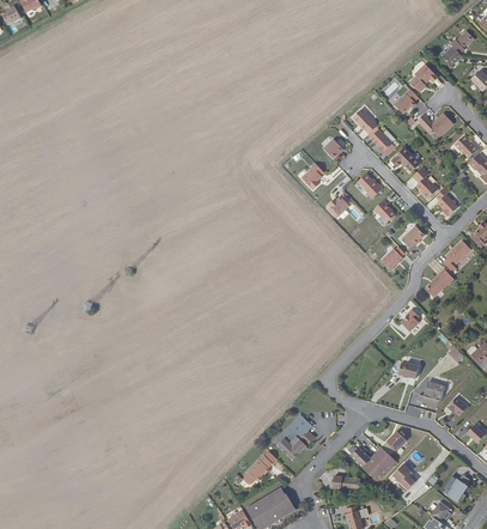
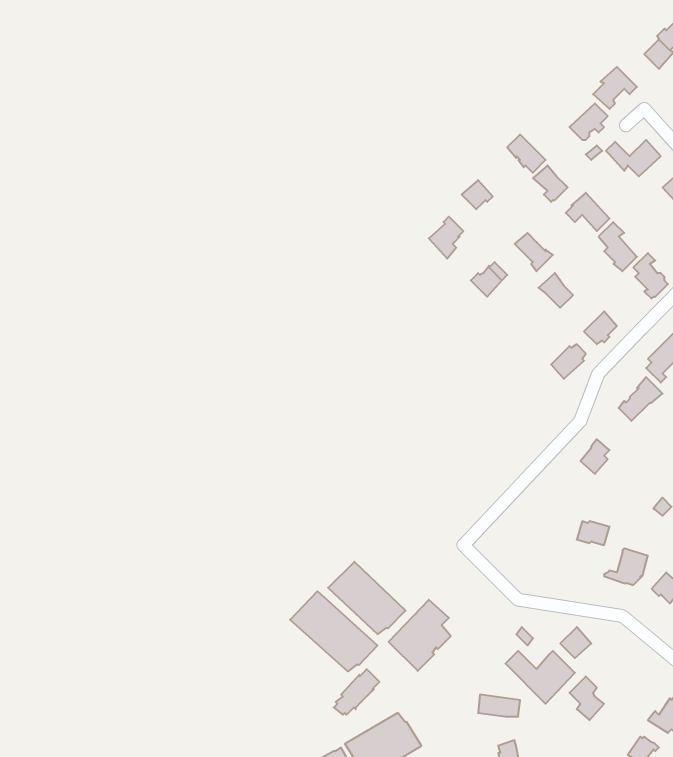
building: none -> [328,562,406,634]
building: none -> [290,591,377,671]

